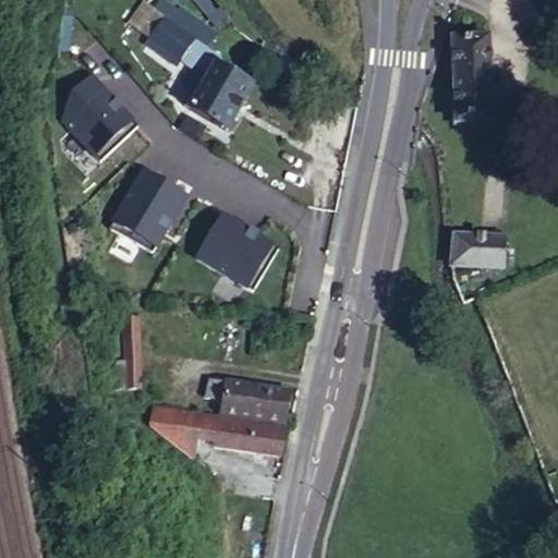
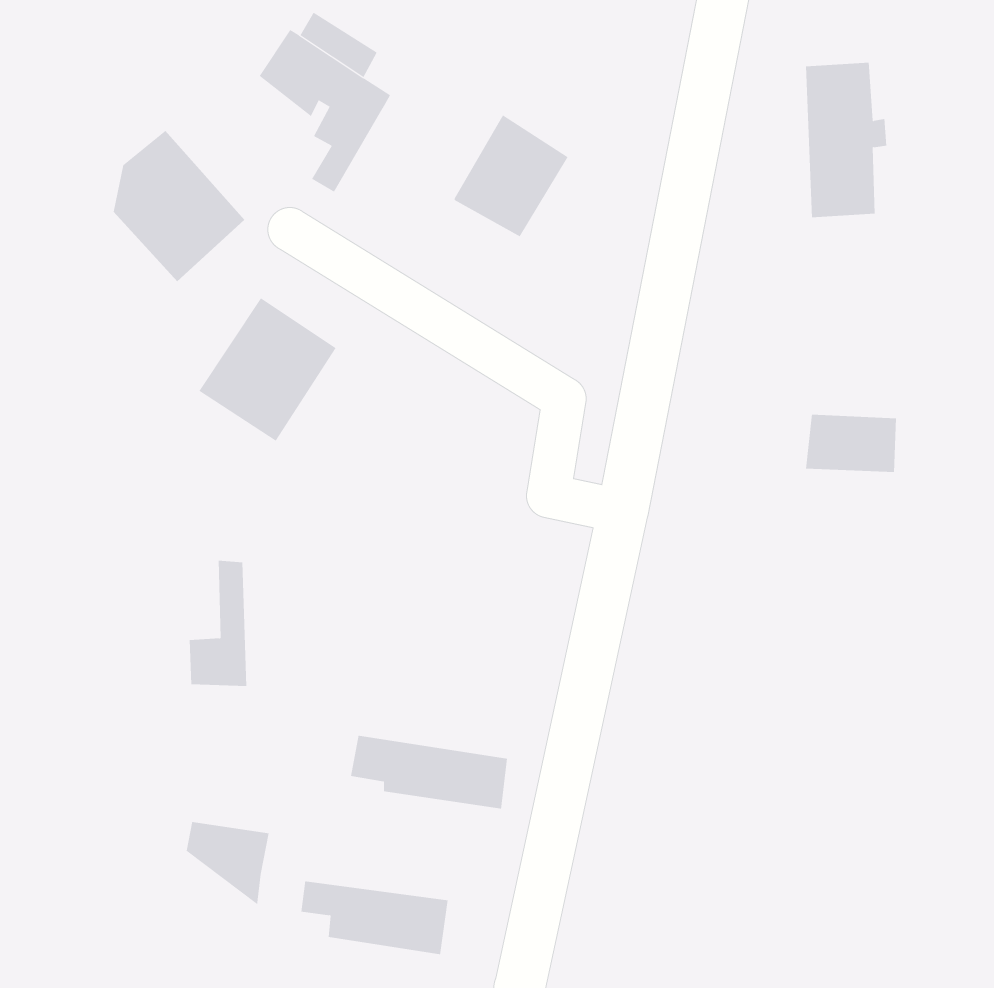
building: [187,61,252,130] -> [454,114,569,237]
building: [195,213,277,291] -> none
building: [207,379,290,421] -> [301,881,448,955]
building: [154,405,201,452] -> [186,822,269,905]

